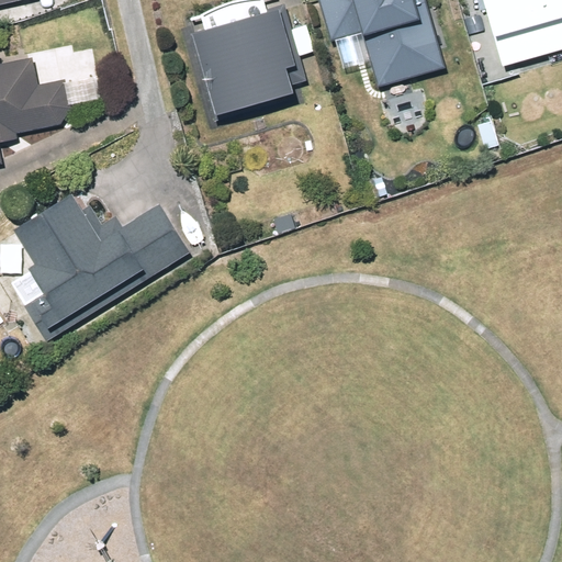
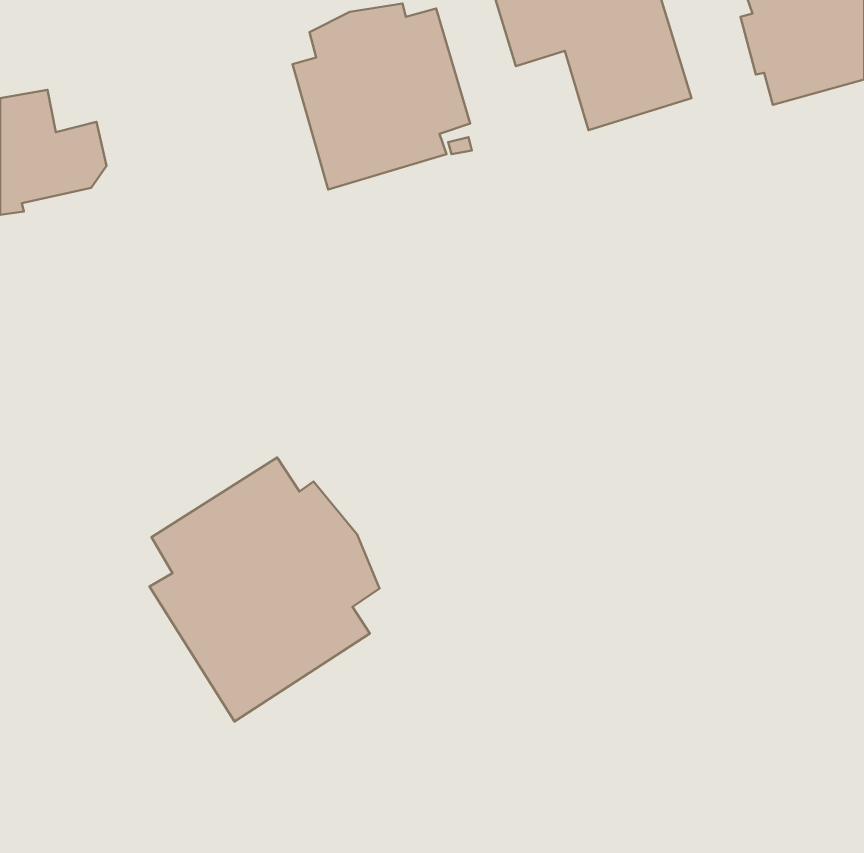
building: [11,191,187,337] -> none
building: none -> [150,457,380,721]

